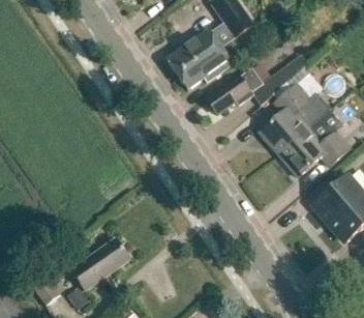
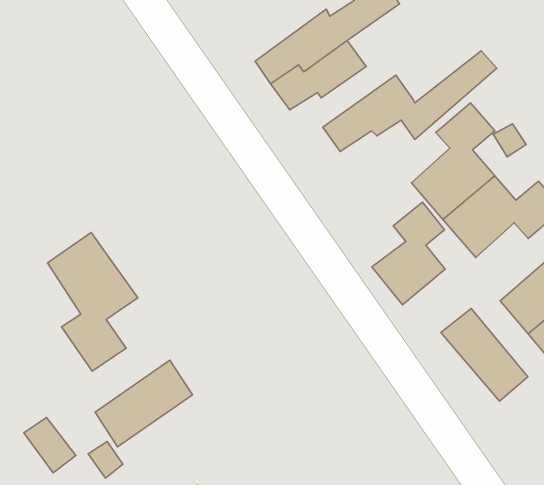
building: none -> [372,202,445,305]
building: none -> [47,233,138,371]
building: none -> [441,308,528,401]

